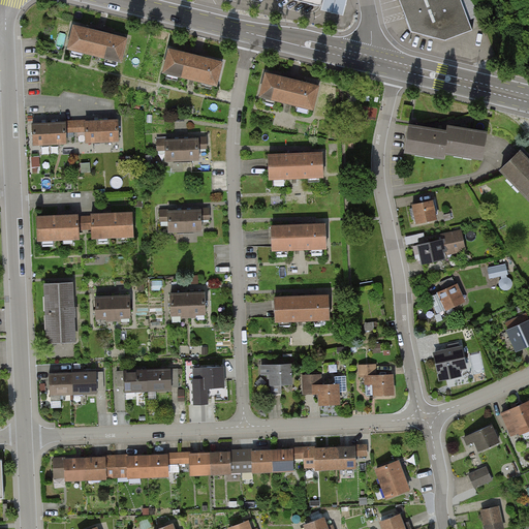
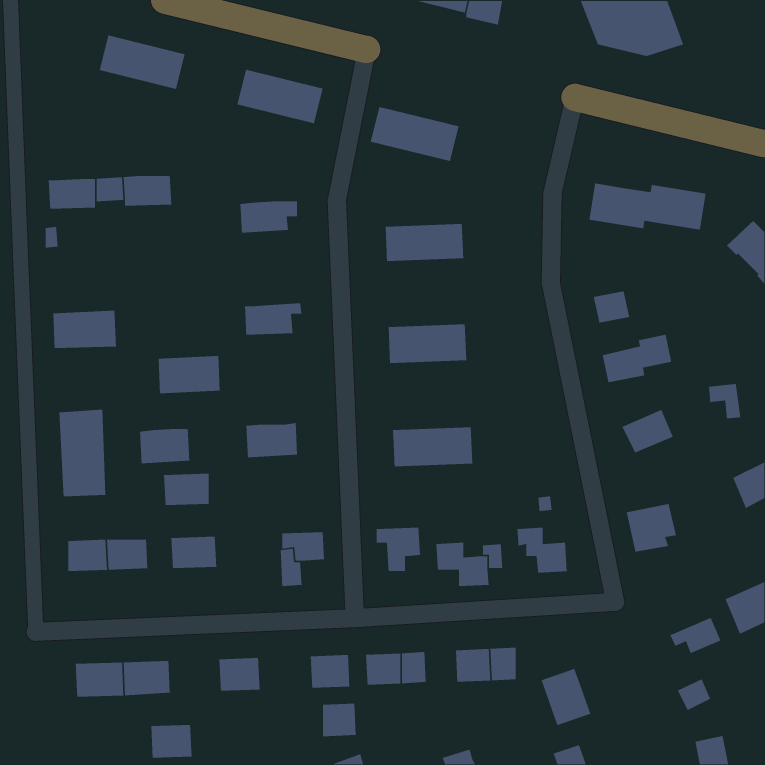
building: [91,212,134,239] -> [158,355,221,394]
building: [149,369,181,392] -> [163,473,210,506]
building: [191,453,215,476] -> [322,703,357,737]
building: [123,455,152,478] -> [150,724,192,759]

